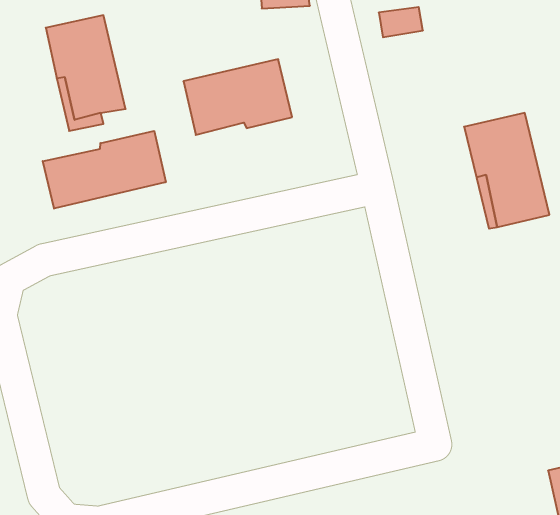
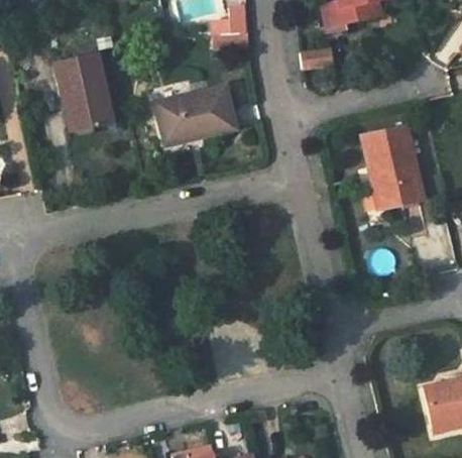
building: [43,131,166,209] -> none

